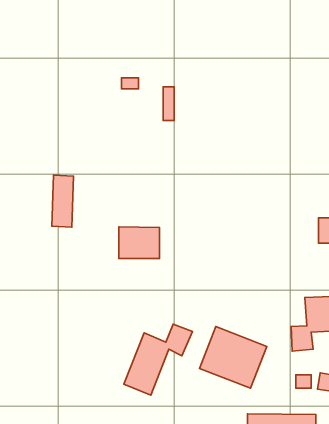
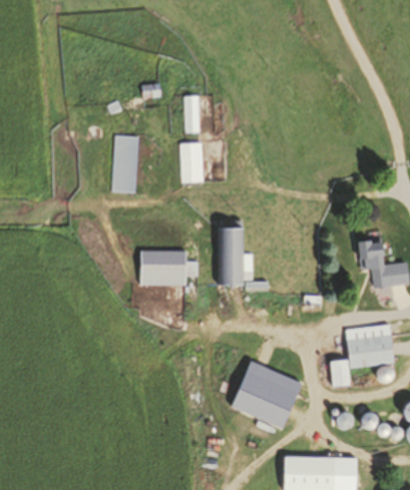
building: none -> [183,143,204,183]
building: [52,175,74,227] -> [114,136,138,193]
building: none -> [217,226,256,285]
building: [124,324,192,395] -> none

